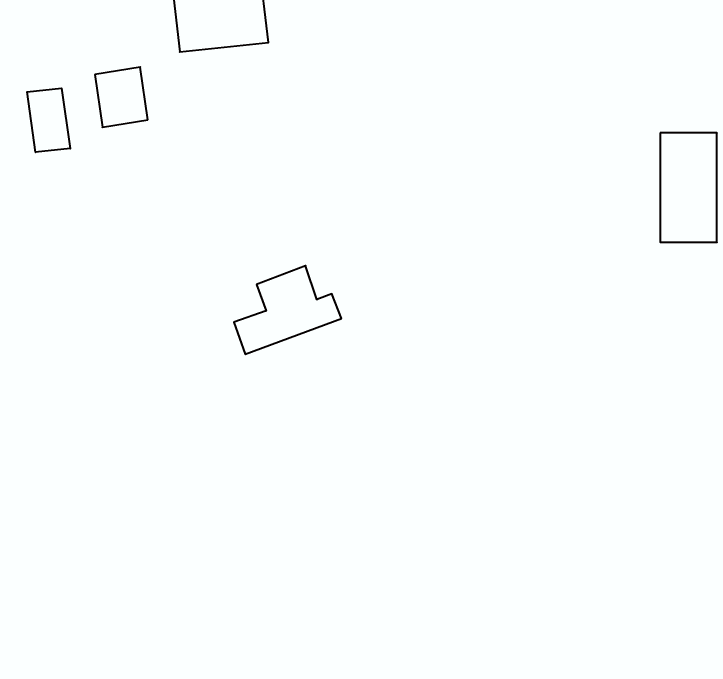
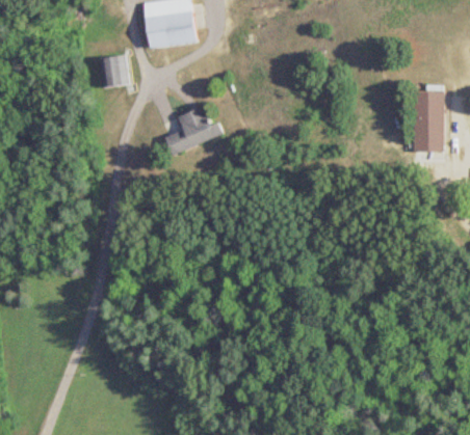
building: [27,88,70,152] -> none
building: [234,266,341,354] -> [164,106,224,155]

